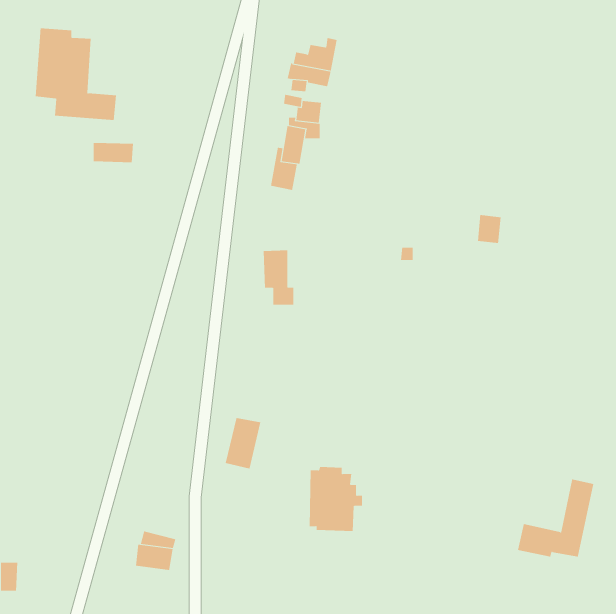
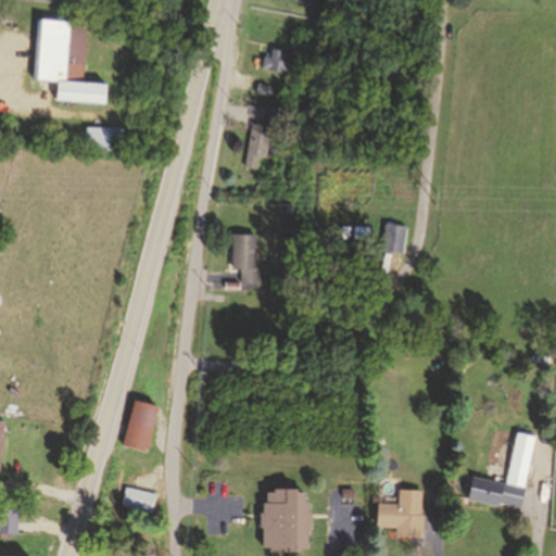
building: [477,215,501,244] -> [382,223,404,249]
building: [225,417,261,469] -> [125,401,157,447]
building: [309,466,363,532] -> [265,488,314,546]
building: none -> [377,491,425,534]

